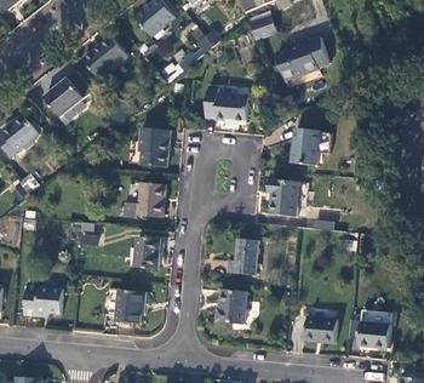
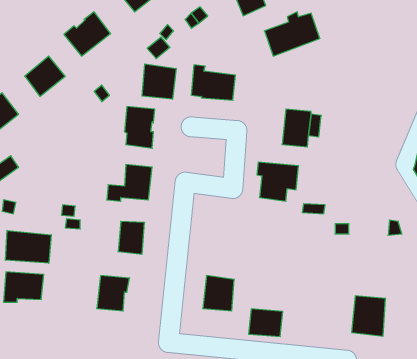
building: none -> [142,64,176,99]
building: [227,236,260,273] -> none
building: none -> [6,230,51,263]
building: [305,314,338,341] -> [249,309,283,337]

